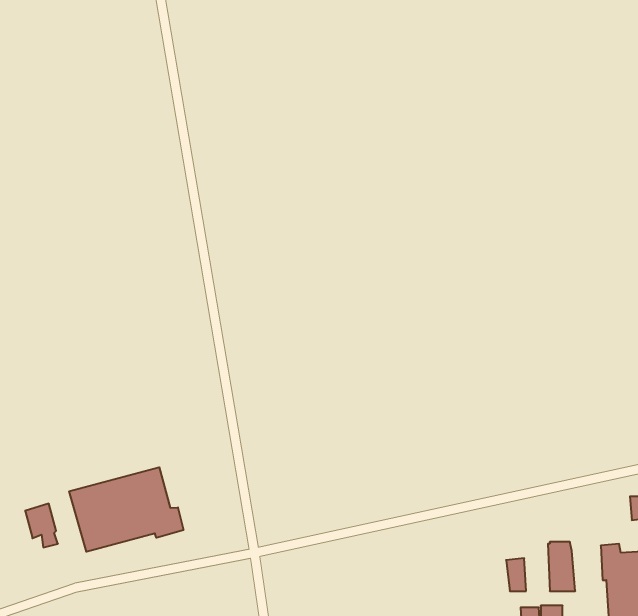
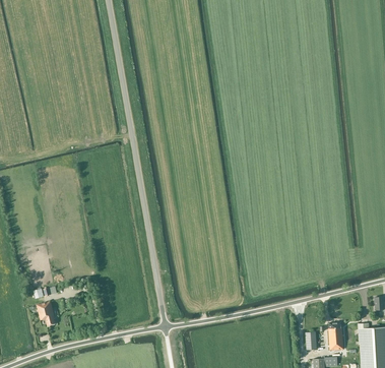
building: [69,467,183,552] -> none

